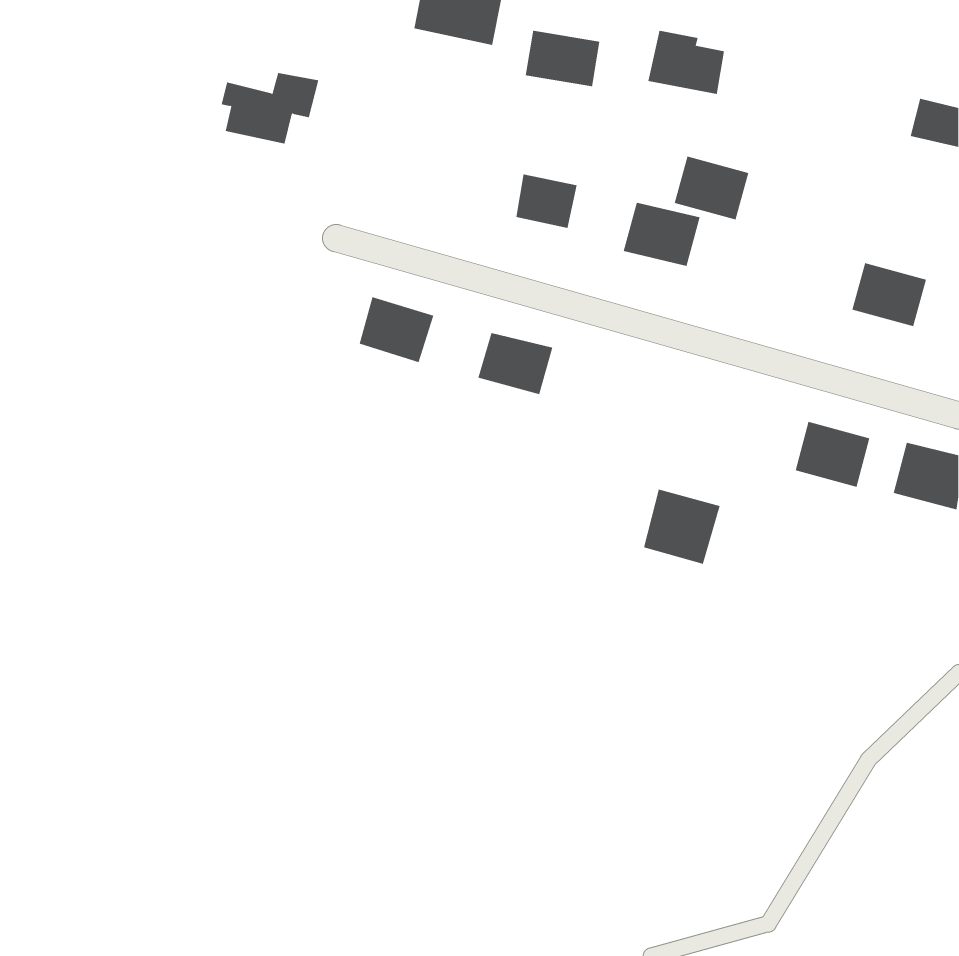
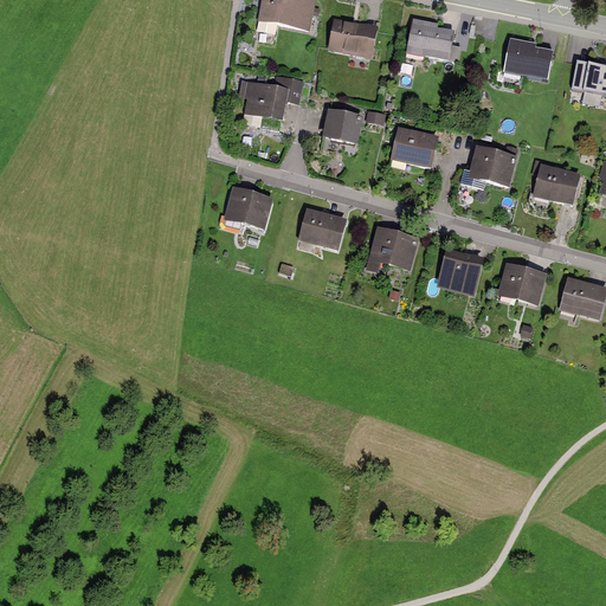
building: none -> [504,38,553,78]
building: [221,72,319,144] -> [241,75,303,120]
building: [674,156,749,220] -> [469,146,516,186]
building: none -> [366,227,419,272]
building: [643,489,721,564] -> [438,247,486,295]

